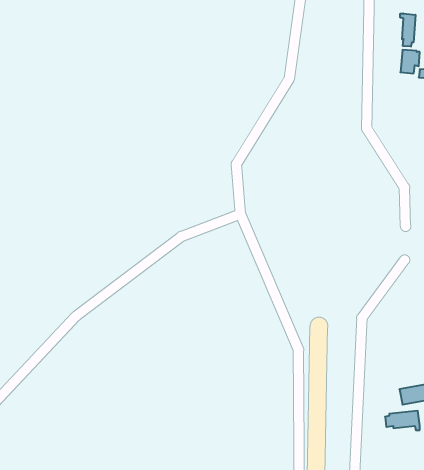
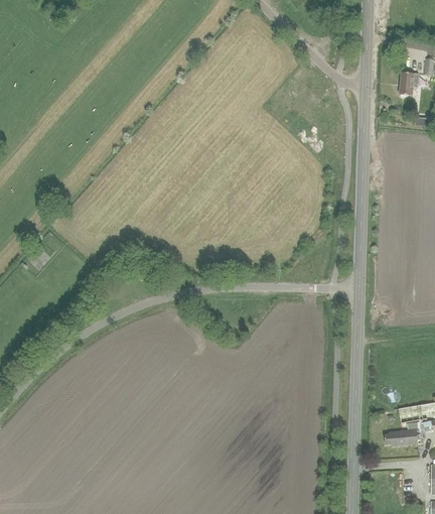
building: [400,13,415,47] -> none

